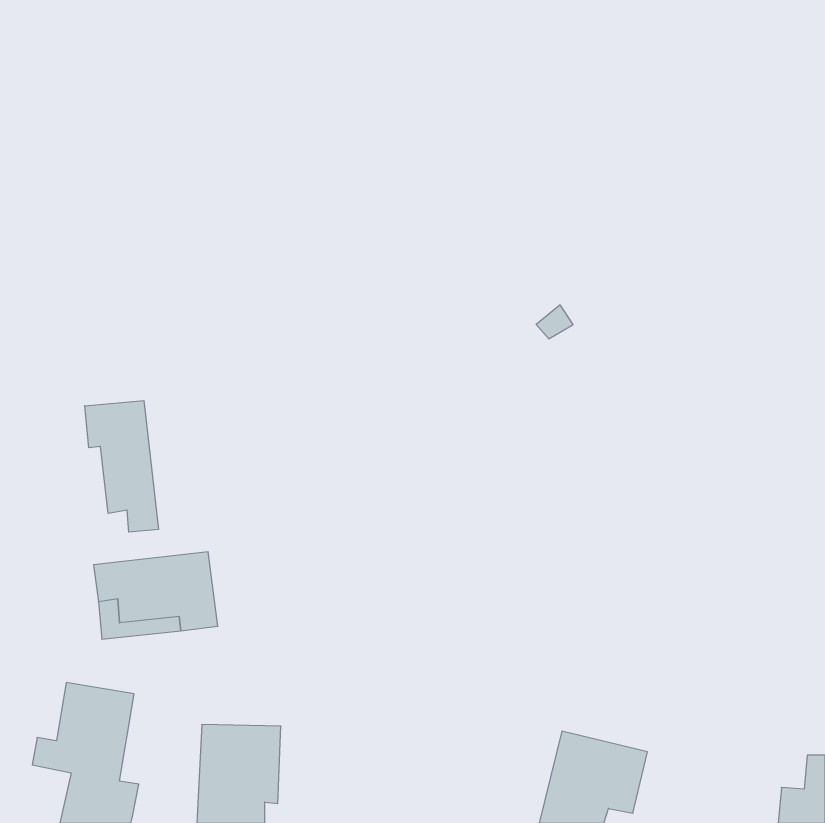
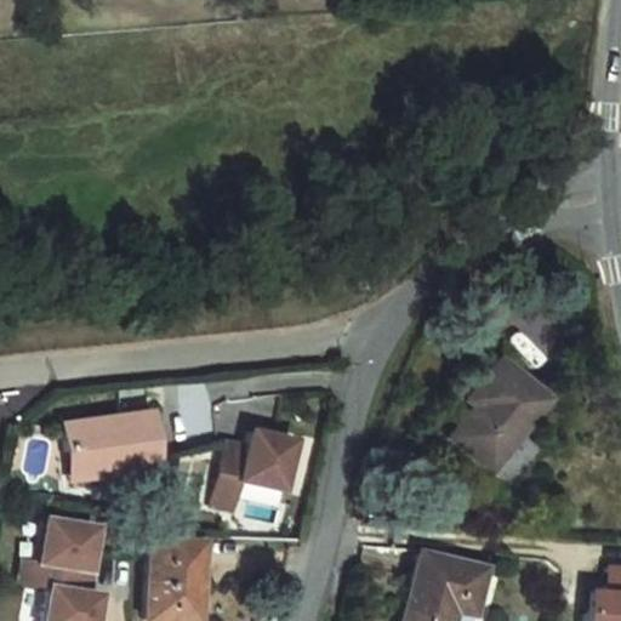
building: [85,401,158,532] -> none
building: none -> [460,359,556,468]
building: none -> [216,431,300,509]

